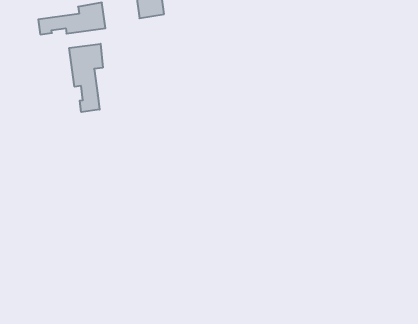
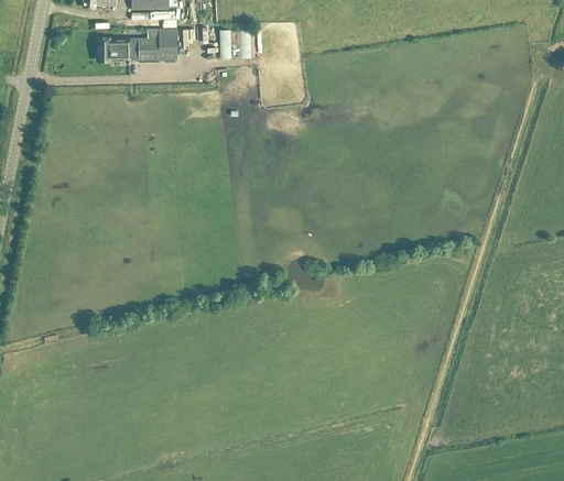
building: [69,44,103,112] -> none

